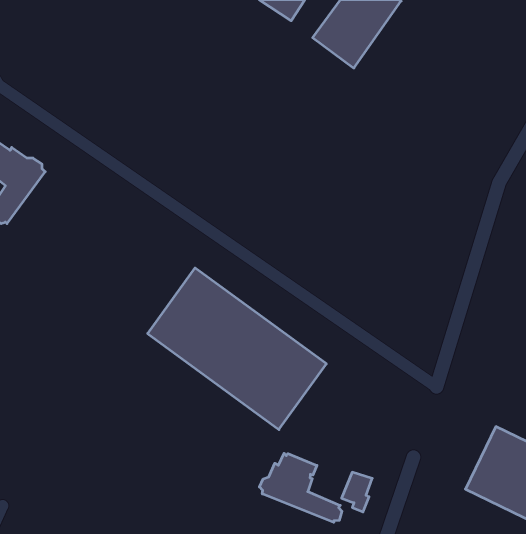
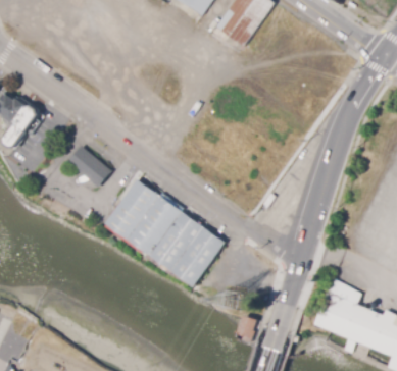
building: none -> [63,147,108,189]
building: [259,453,342,522] -> none

